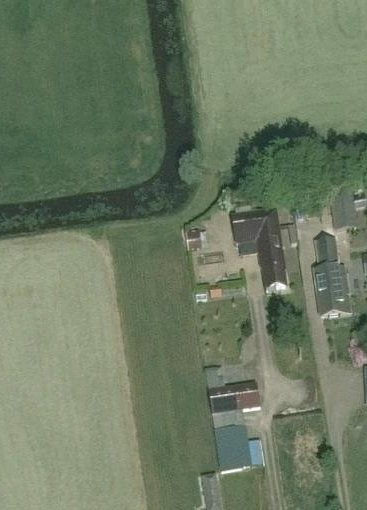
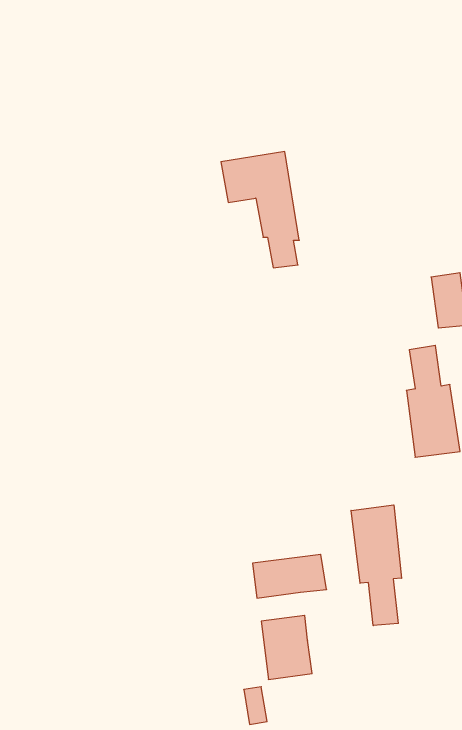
building: [233,209,287,289] -> [221,152,299,268]
building: none -> [351,505,402,626]

